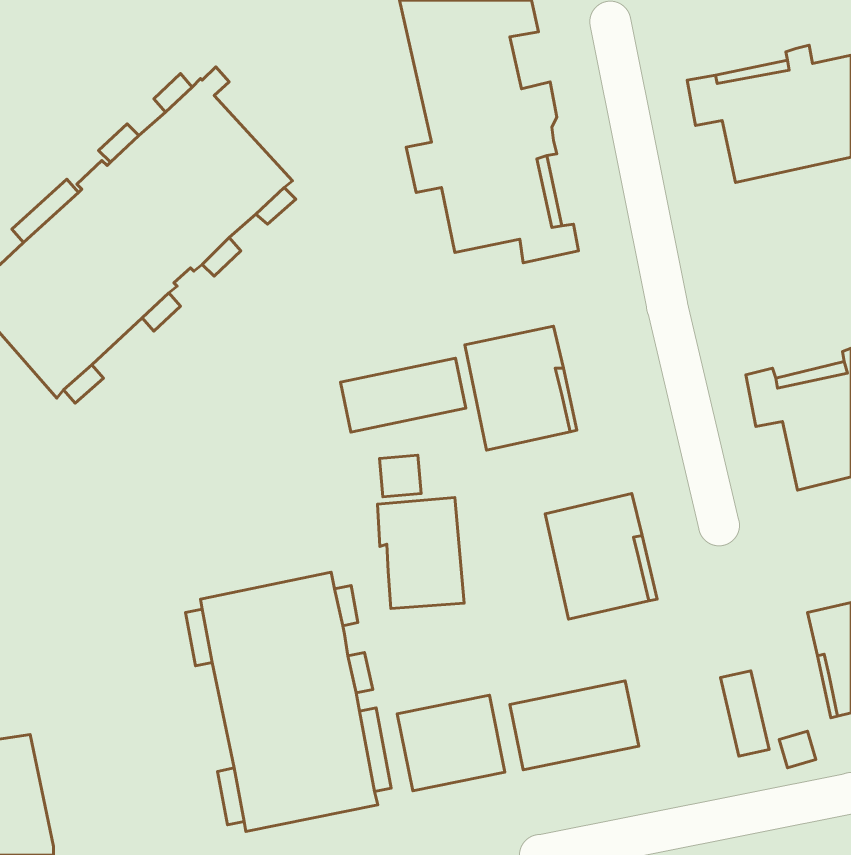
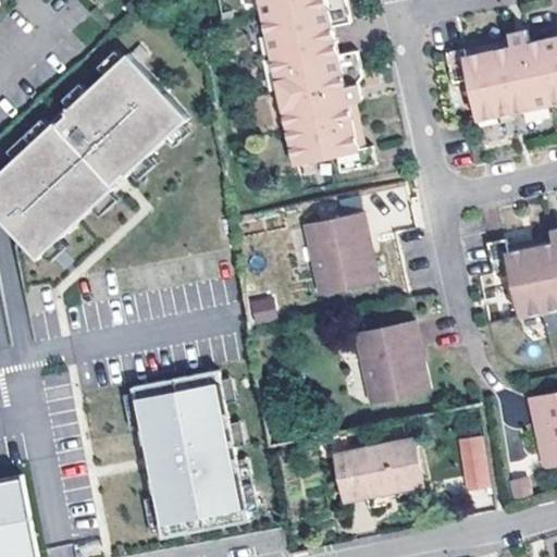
building: [341,358,466,432] -> none
building: [377,497,464,609] -> none
building: [397,695,505,791] -> none

